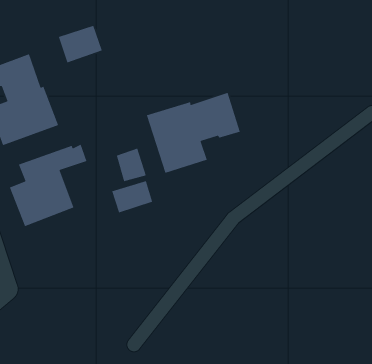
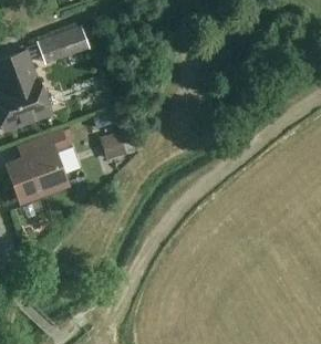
building: [146,92,241,174] -> none
building: [111,180,153,214] -> none

